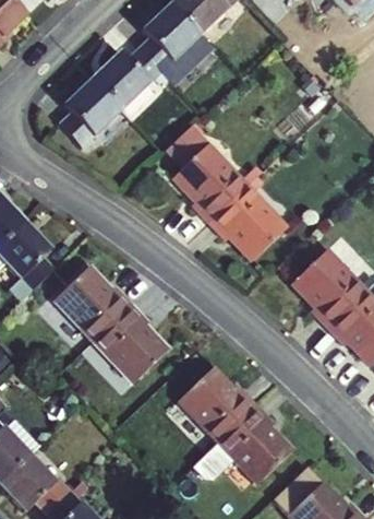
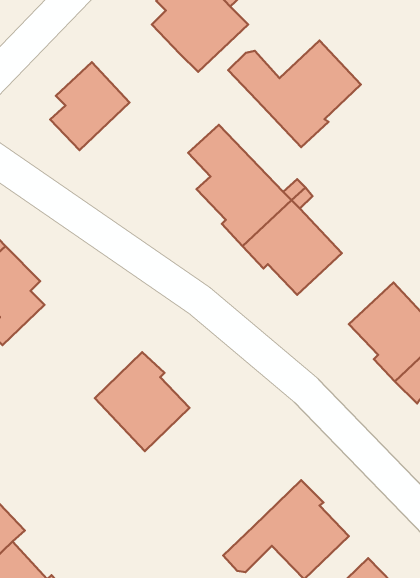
building: [92,49,160,110] -> none
building: none -> [228,40,361,147]
building: [53,267,131,342] -> none
building: [178,367,255,443] -> none

